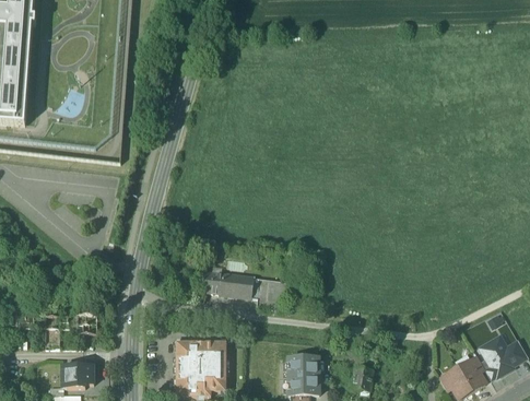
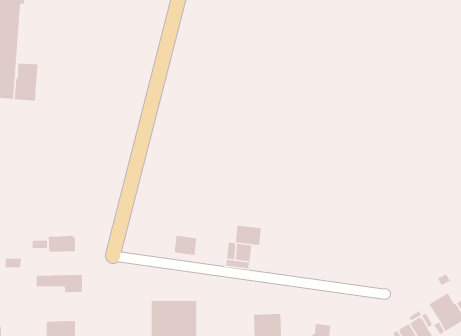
building: none -> [14,63,39,101]
building: none -> [48,235,76,252]
building: [222,274,251,297] -> [235,225,262,246]

